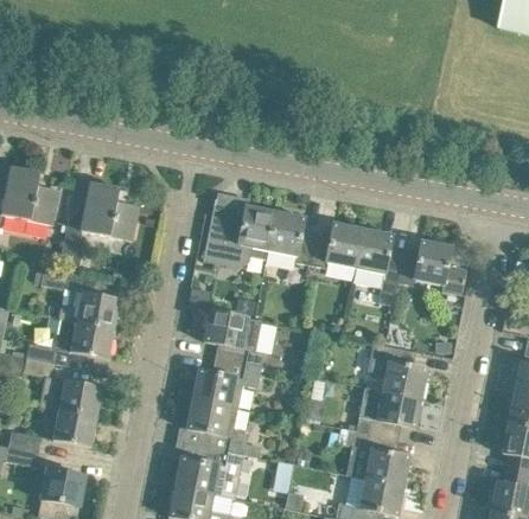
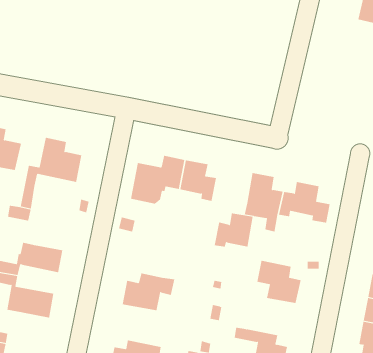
building: [310,223,362,268] -> [214,213,254,247]
building: [58,291,120,329] -> none
building: [203,309,260,365] -> none
building: [355,389,420,441] -> none
building: [185,401,248,456] -> none
building: [53,411,96,447] -> none

